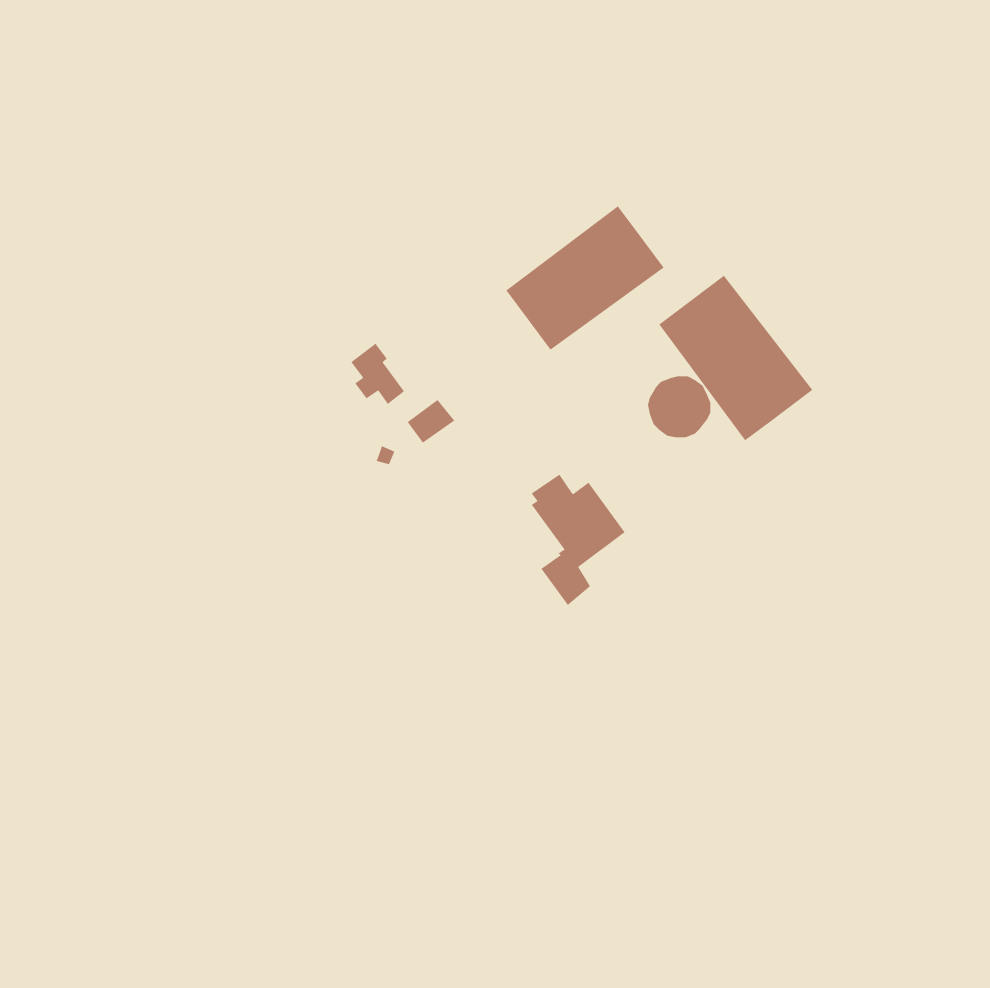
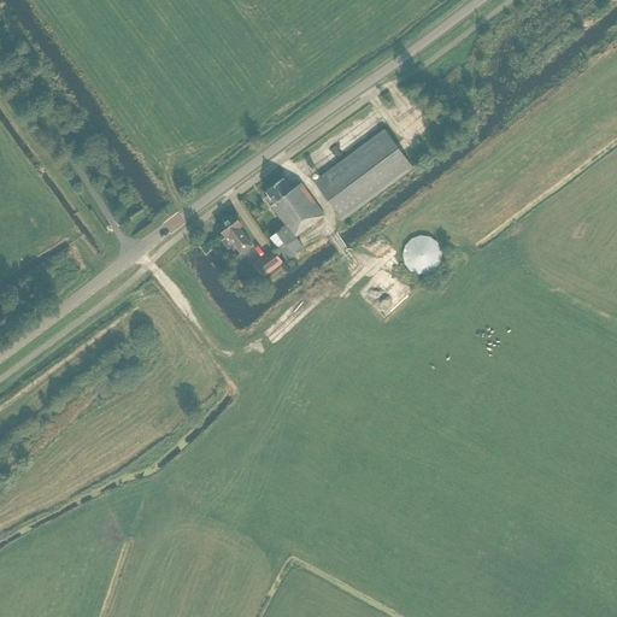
building: [659,275,813,441] -> none
building: [531,474,626,606] -> [265,177,324,259]

